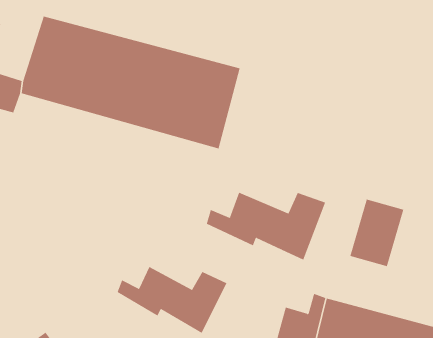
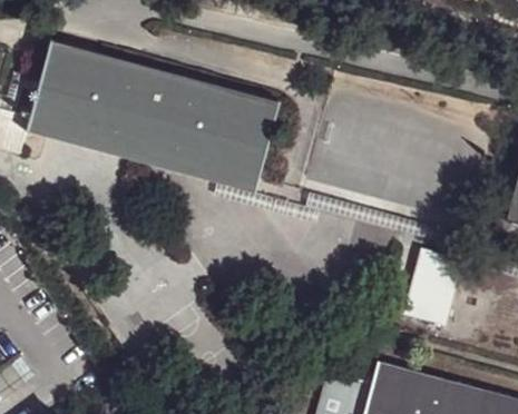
building: [206,192,326,261] -> none
building: [117,266,227,334] -> none

